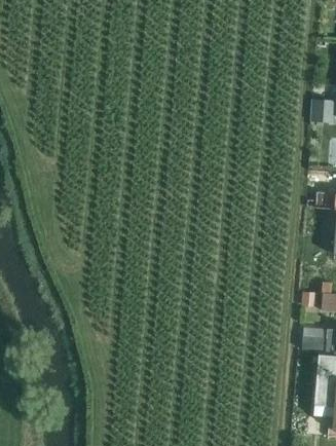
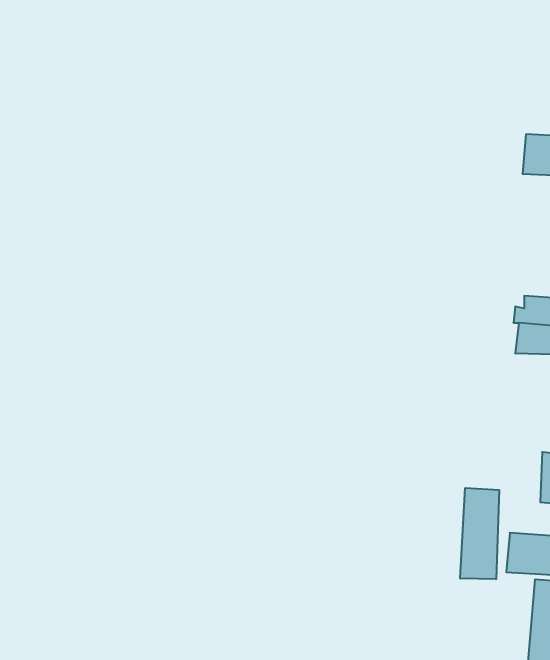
building: none -> [460,488,499,579]

